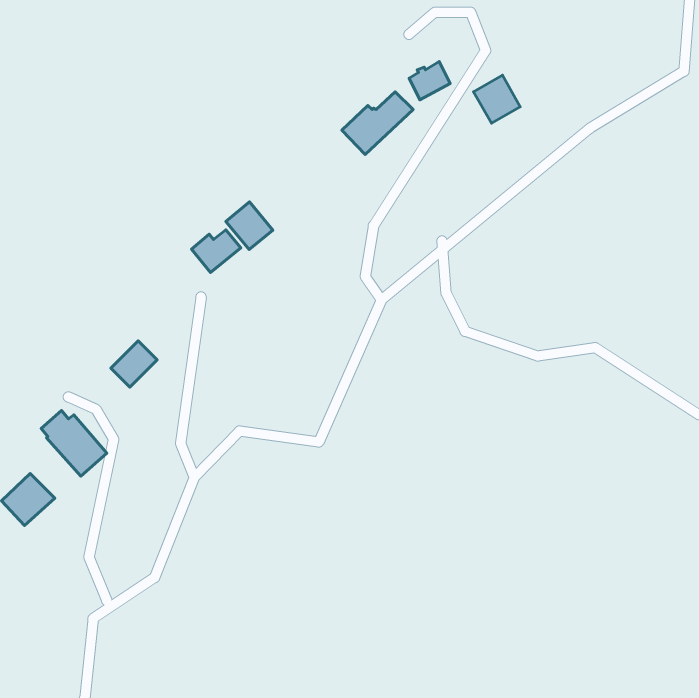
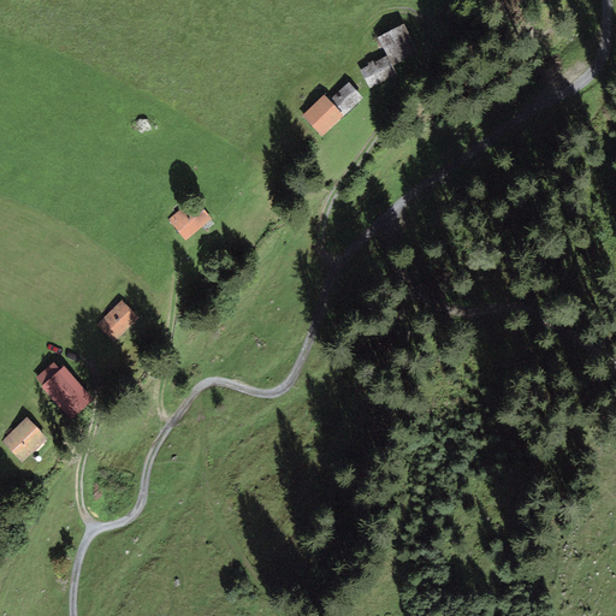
building: [474,75,520,123] -> [379,23,420,65]
building: [226,202,273,250] -> none

